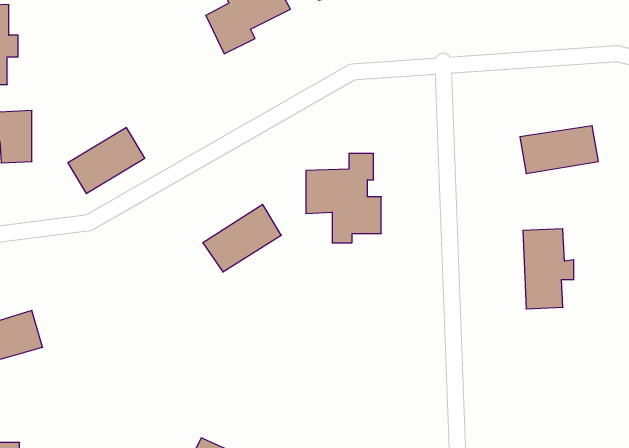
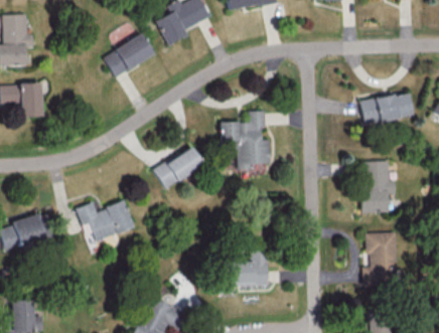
building: [68,127,145,194] -> [103,34,153,77]
building: none -> [76,201,134,241]
building: none -> [363,232,398,286]
building: none -> [227,253,269,287]

